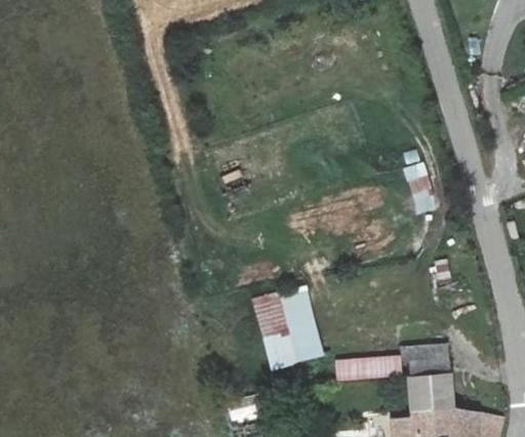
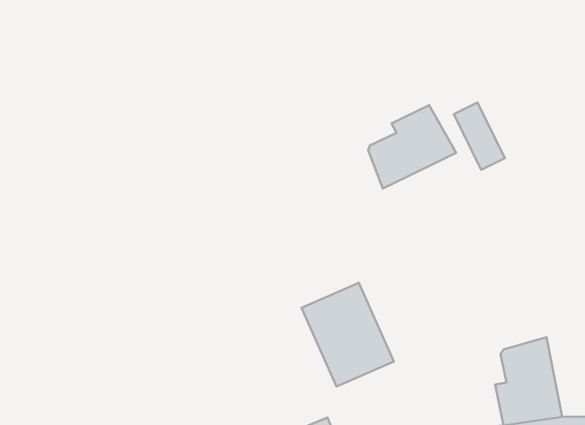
building: none -> [368,105,456,189]
building: [334,354,402,380] -> none

